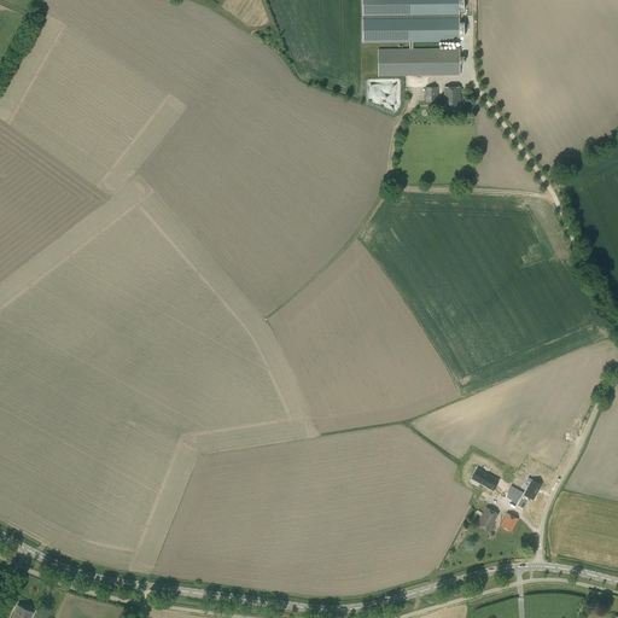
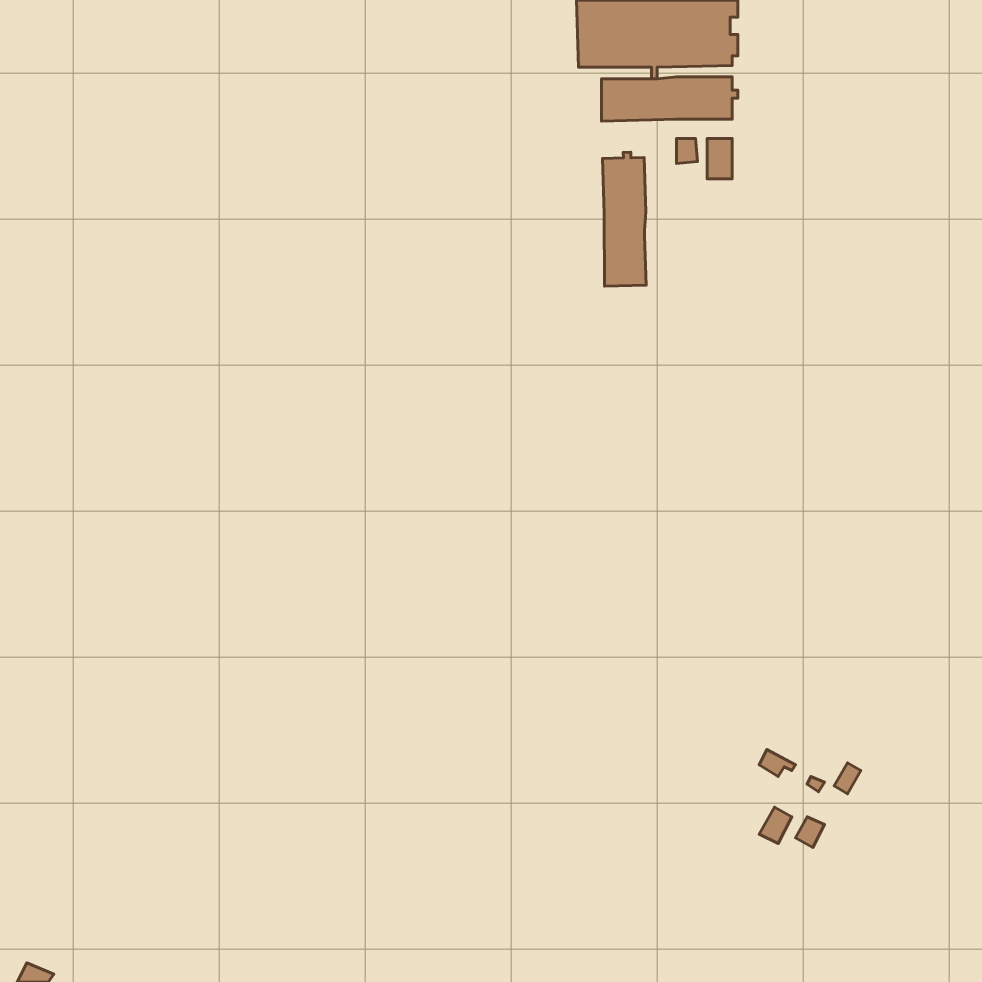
building: none -> [603,152,646,286]

